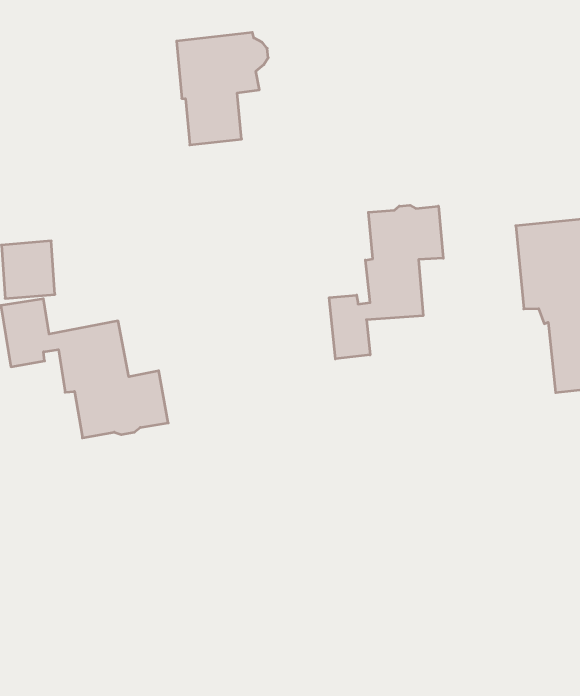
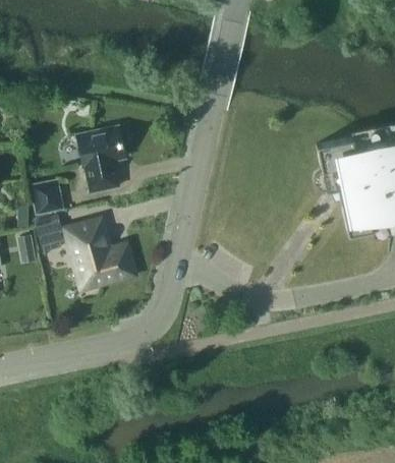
building: [177,32,268,145] -> [77,126,129,192]
building: [329,205,443,359] -> none

